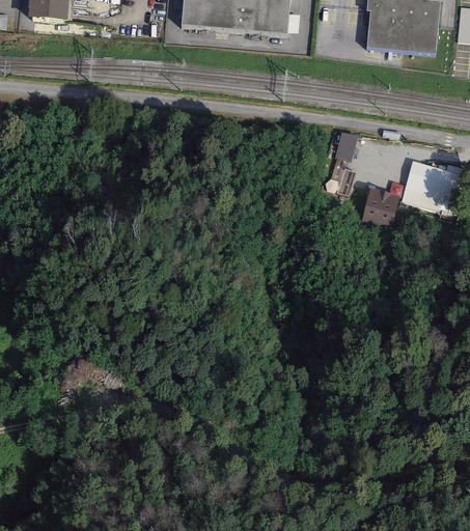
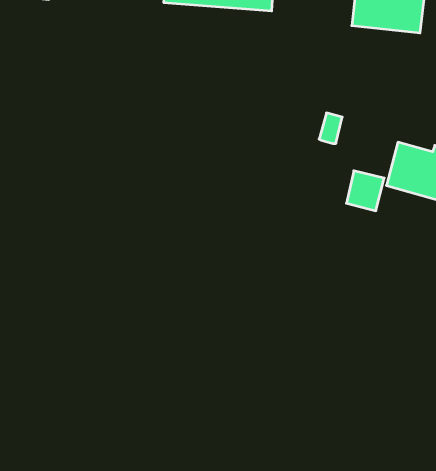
building: [327,159,355,197] -> none

